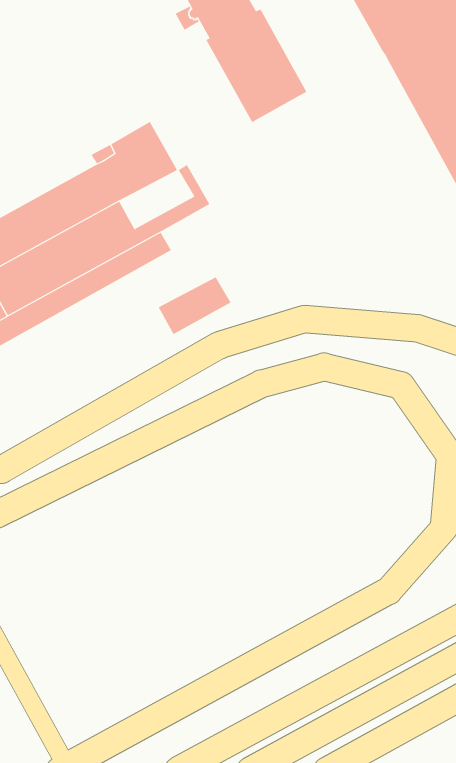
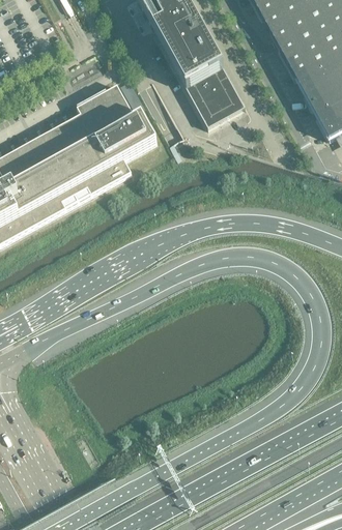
building: none -> [184,62,245,124]
building: [158,276,232,335] -> [95,115,145,154]

